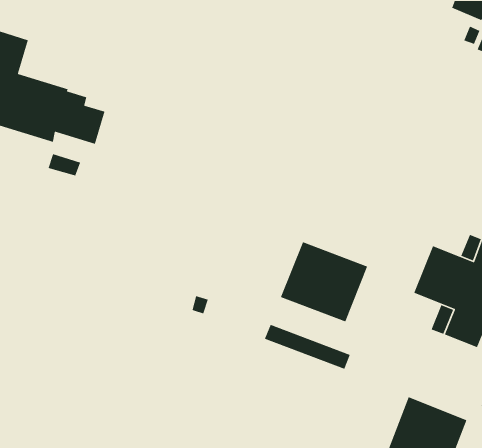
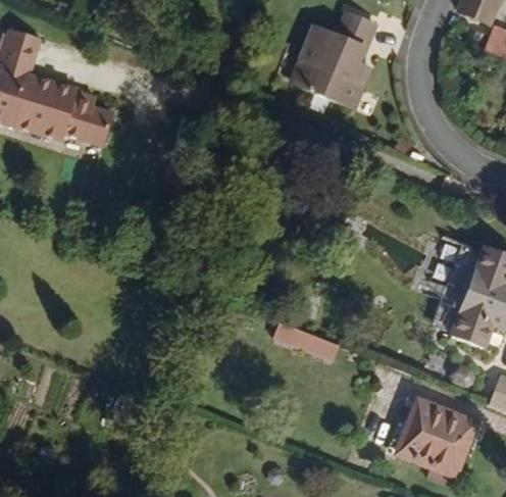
building: none -> [292,10,374,107]
building: [280,241,368,323] -> none

